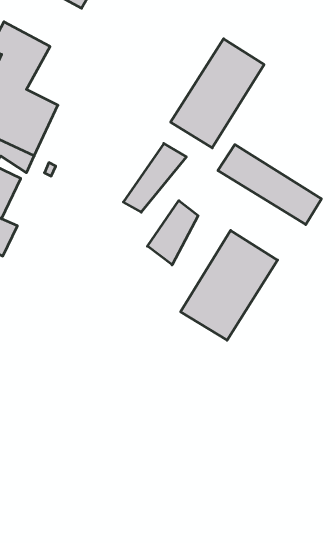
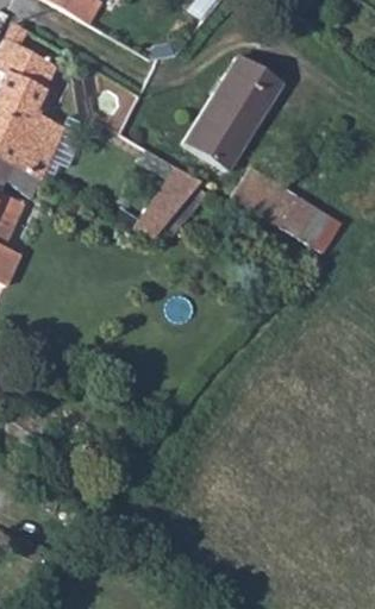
building: [147,201,198,265] -> none
building: [181,230,278,340] -> none

